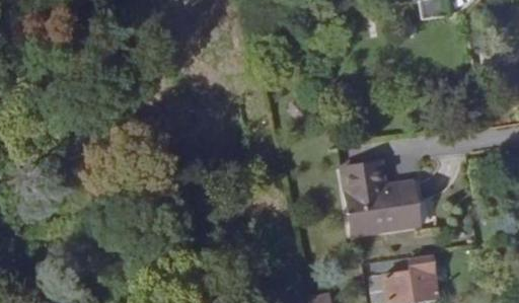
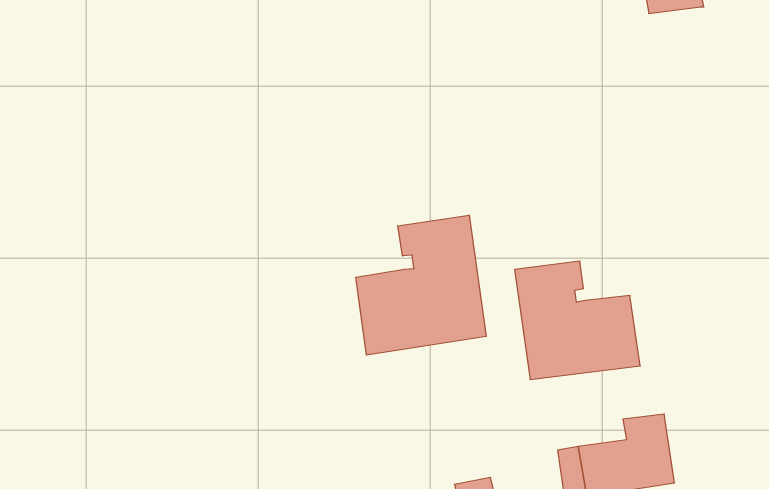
building: none -> [356,215,486,355]

